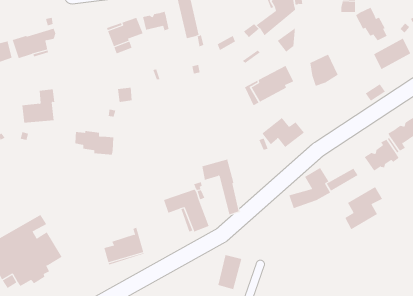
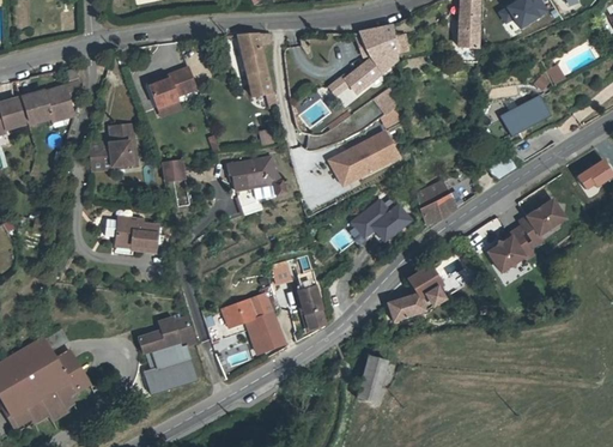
building: [355,7,388,41] -> none
building: [143,11,169,31] -> none
building: [310,54,339,87] -> [418,180,456,223]
building: none -> [227,156,285,215]
building: [22,89,55,123] -> [89,122,133,168]
building: [345,186,383,230] -> none
building: none -> [138,315,196,363]
building: [218,254,242,290] -> [359,360,392,406]

